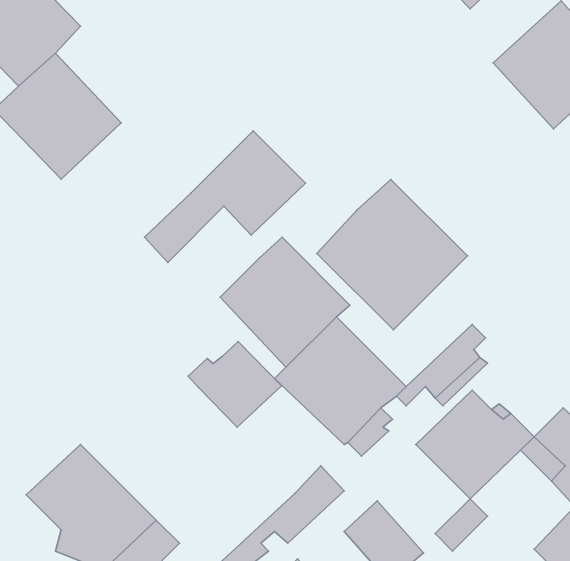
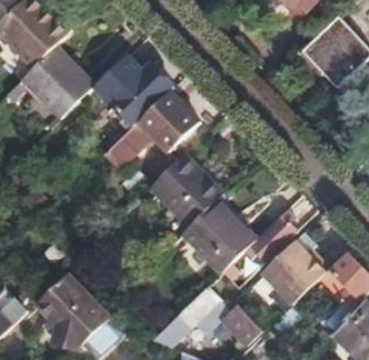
building: none -> [93,56,173,128]
building: [317,179,467,330] -> none
building: [188,341,281,427] -> none

